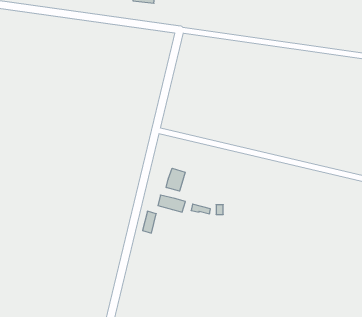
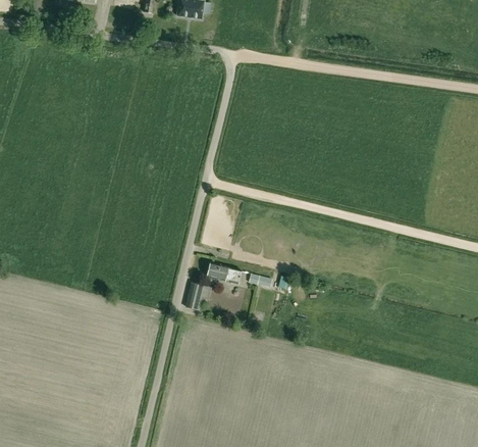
building: [166,168,185,191] -> none

